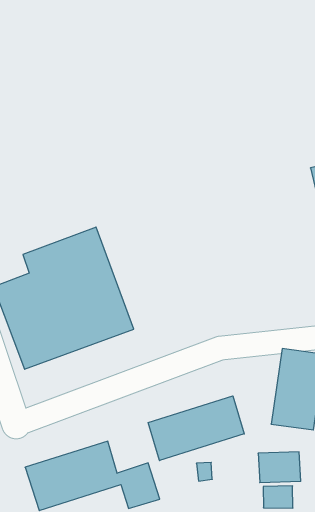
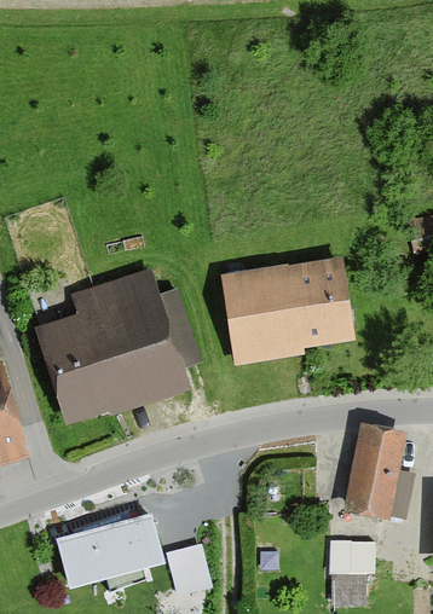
building: none -> [223,257,359,365]
building: [148,396,244,461] -> none

